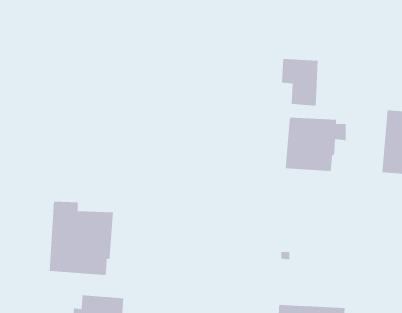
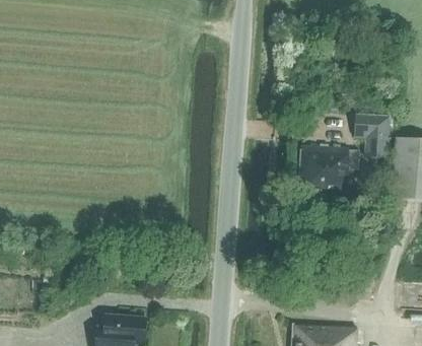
building: [281,58,319,106] -> [354,113,390,158]
building: [49,201,114,276] -> none

